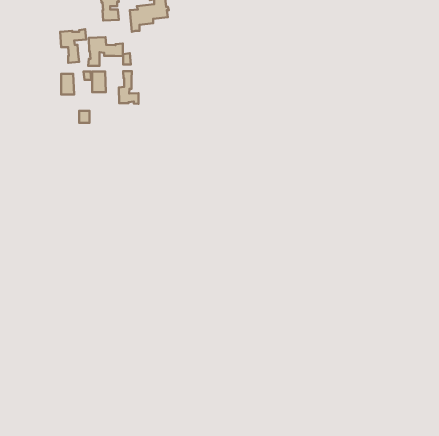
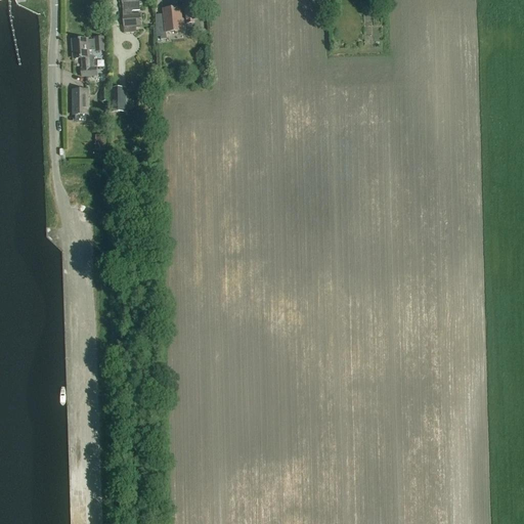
building: [88,37,123,66] -> none
building: [119,71,139,104] -> none

